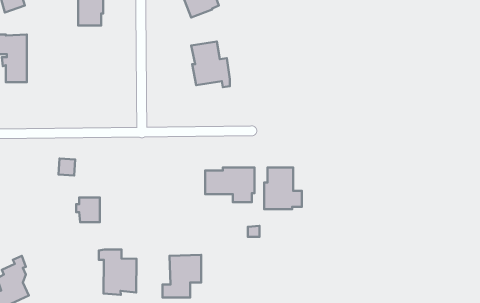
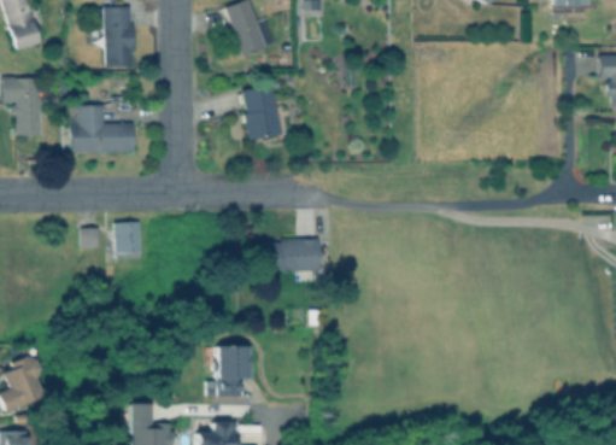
building: none -> [68,104,134,153]
building: [264,168,302,209] -> none
building: [76,197,100,222] -> [112,222,141,252]
building: [99,249,136,295] -> none

